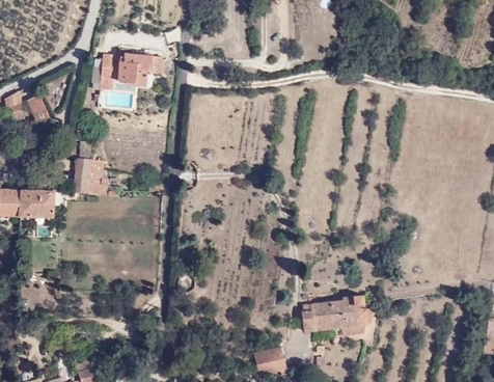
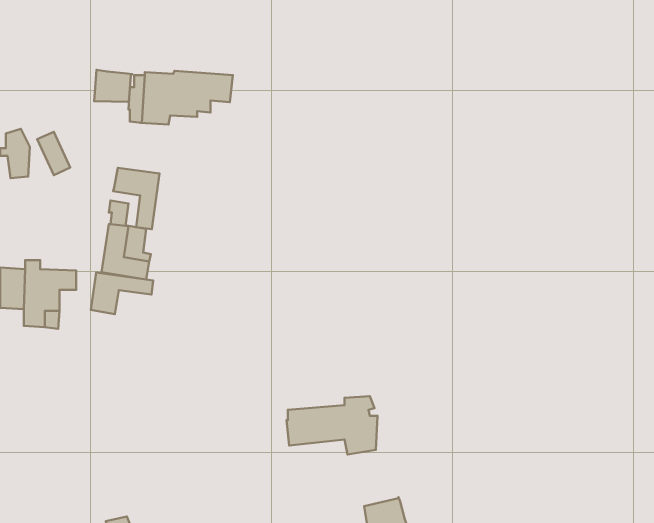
building: none -> [94,70,132,102]
building: none -> [113,168,159,229]
building: none -> [91,273,153,314]
building: [301,297,364,337] -> [286,396,377,454]

